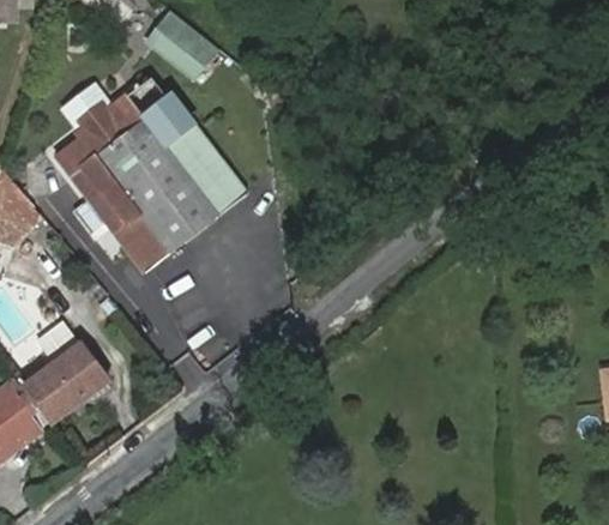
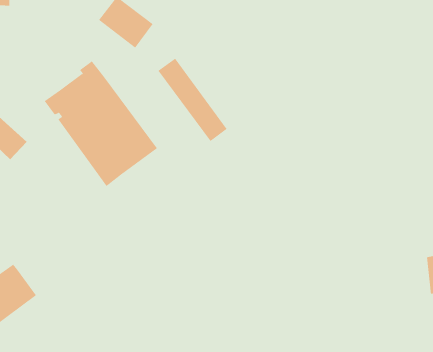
building: [147,99,245,216] -> [157,58,227,142]
building: [26,321,105,420] -> none

